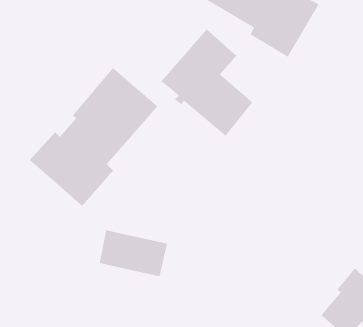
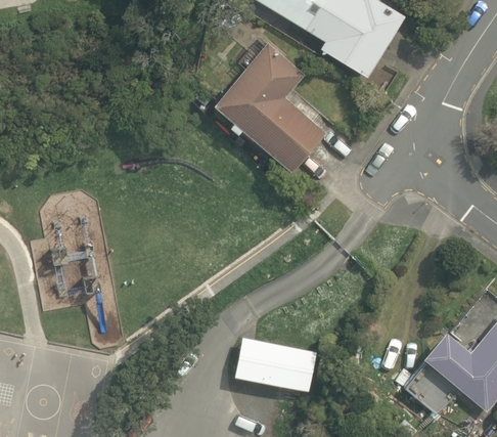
building: [29,67,158,207] -> none
building: [99,230,168,277] -> [235,336,318,392]

